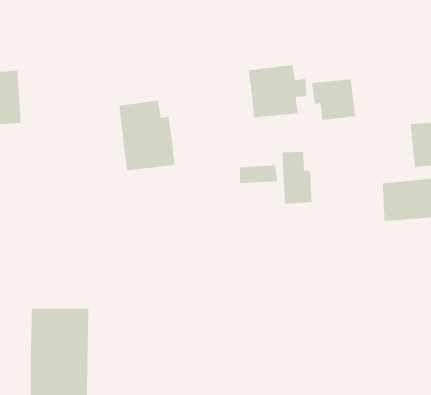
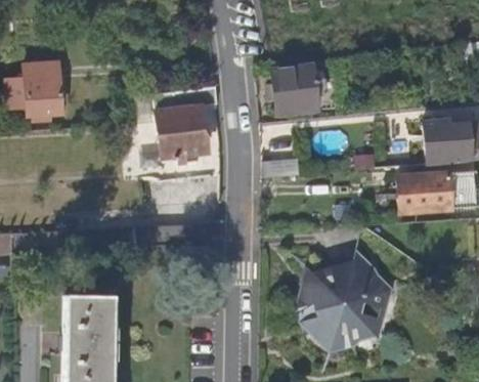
building: [311,78,356,121] -> none
building: [281,151,312,204] -> none
building: none -> [298,261,390,348]

